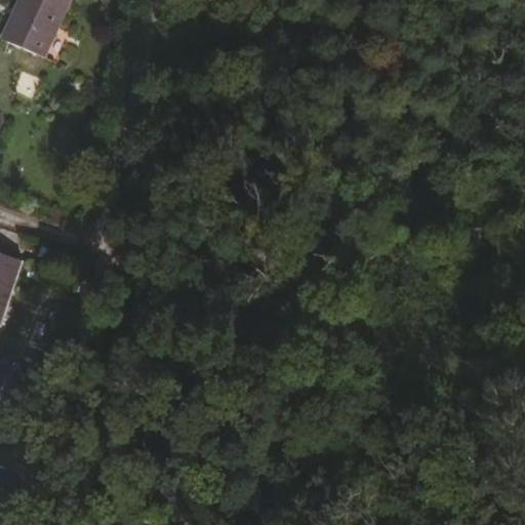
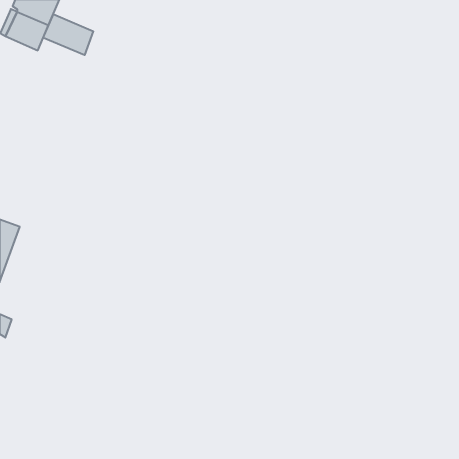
building: none -> [43,14,93,55]

